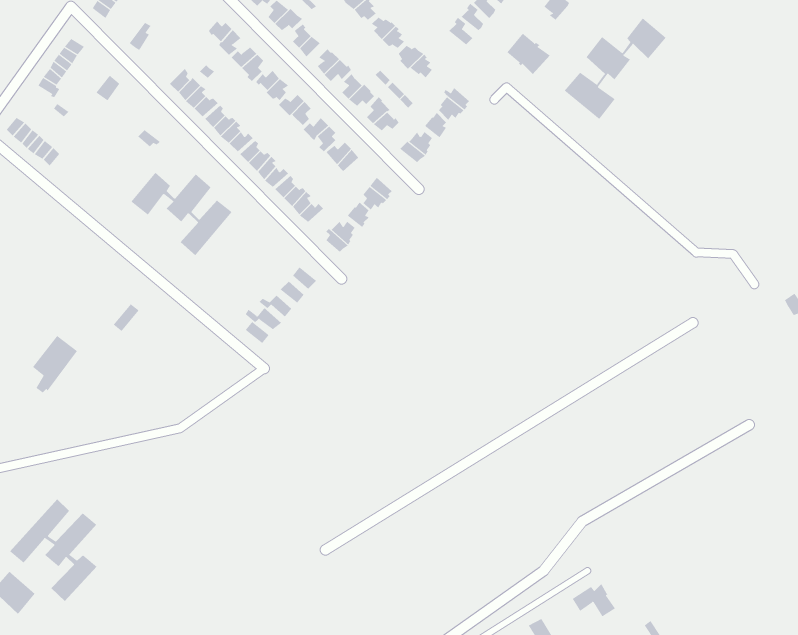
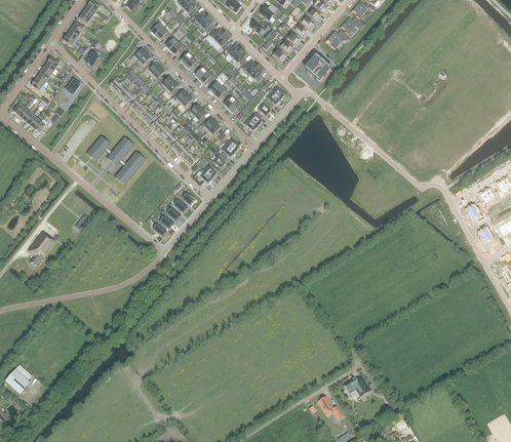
building: [564,18,666,120] -> none
building: [9,498,97,602] -> none

